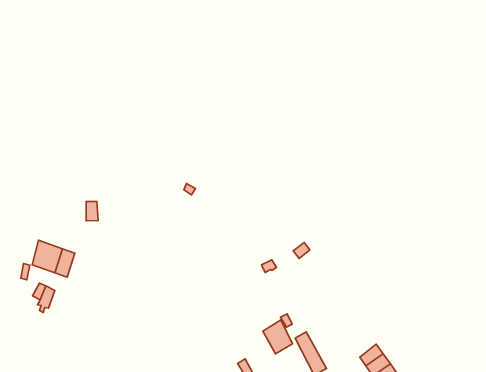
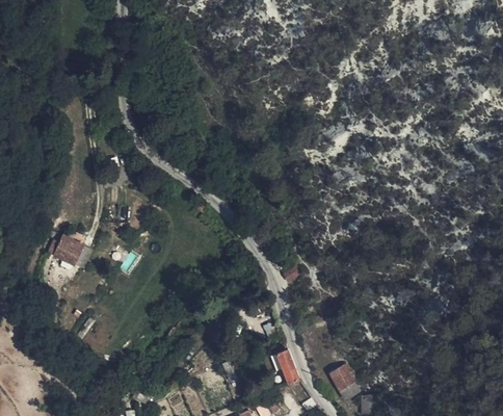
building: [263,320,293,354] -> none

